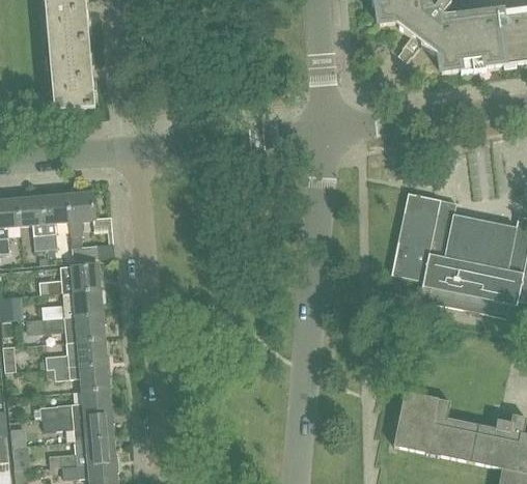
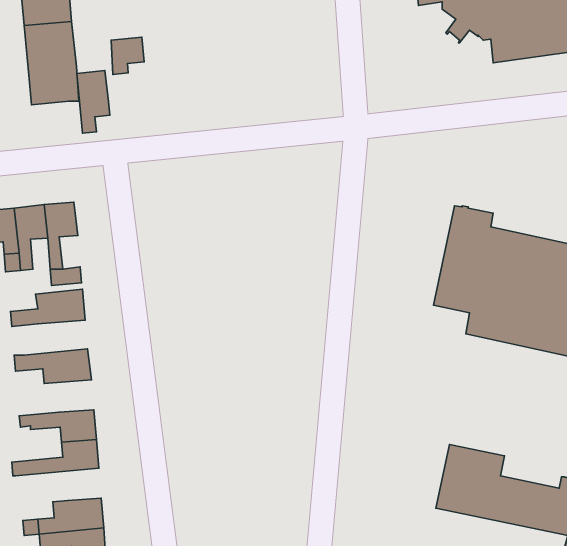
building: none -> [111,37,144,74]
building: none -> [77,71,110,133]
building: [40,288,103,317] -> none
building: [45,338,108,368] -> none
building: [43,411,114,439] -> none

